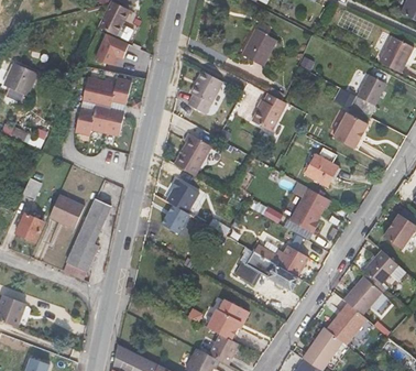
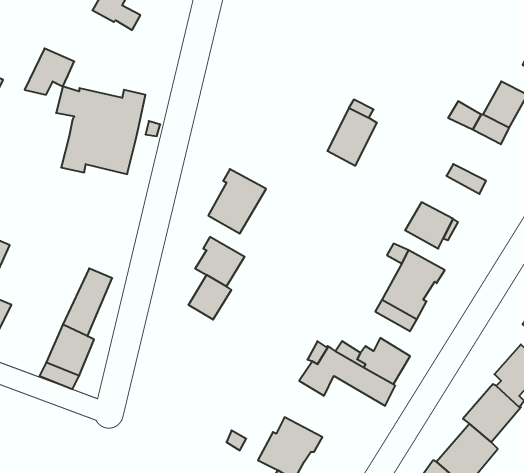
building: [241,28,277,65] -> none
building: [95,34,128,65] -> [25,48,74,95]
building: [188,69,223,112] -> none
building: [337,111,369,140] -> none
building: [48,194,84,228] -> none

